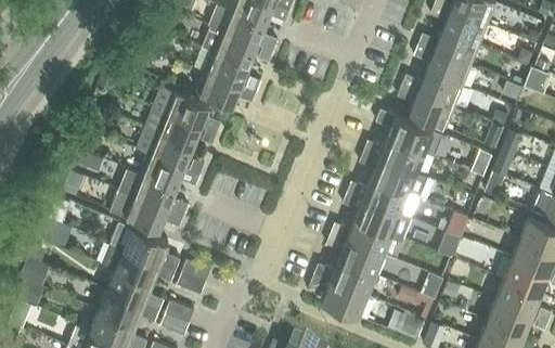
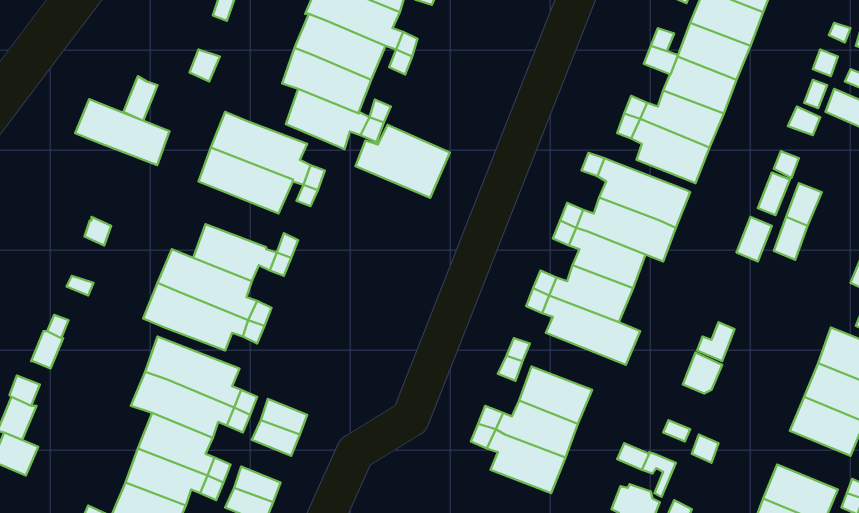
building: none -> [356,125,450,198]
building: [134,127,192,167] -> [75,99,169,165]
building: [346,219,403,259] -> none
building: [495,279,540,314] -> none

